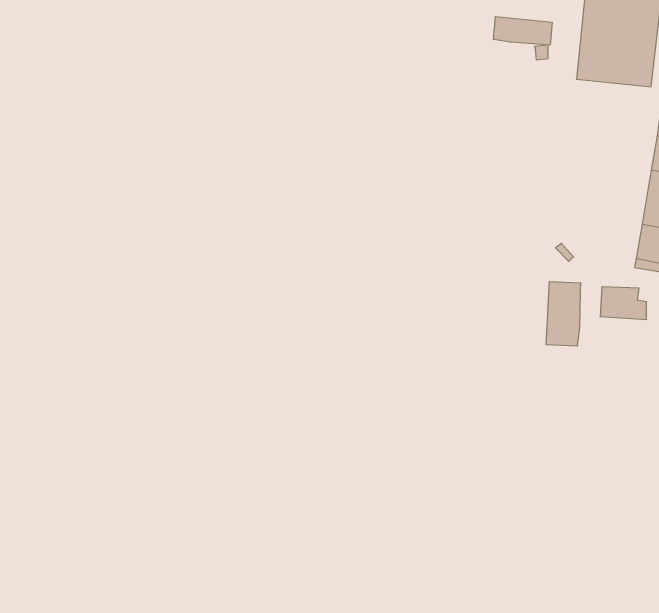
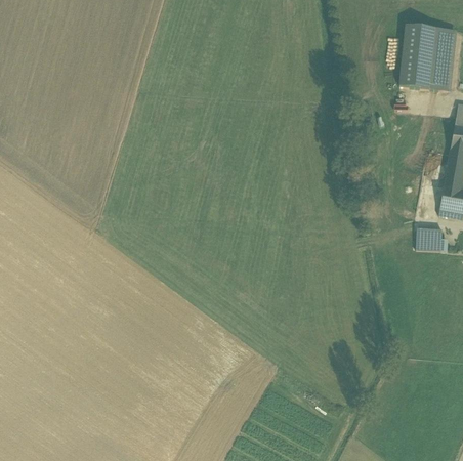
building: [493,17,552,45] -> none
building: [546,281,580,346] -> none

